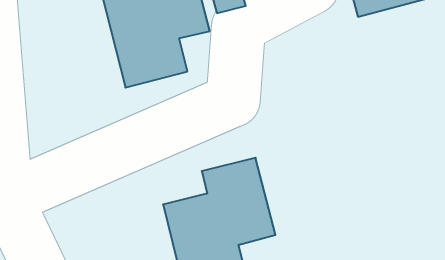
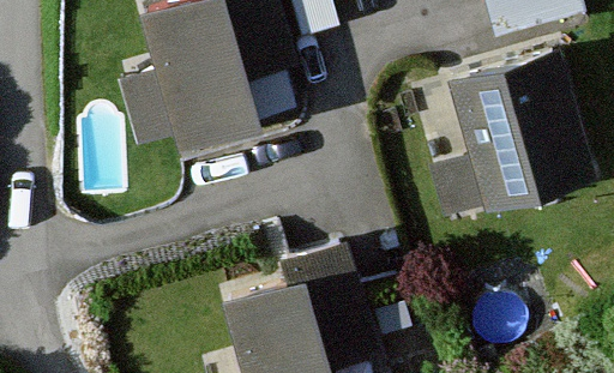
building: none -> [443,54,595,218]

